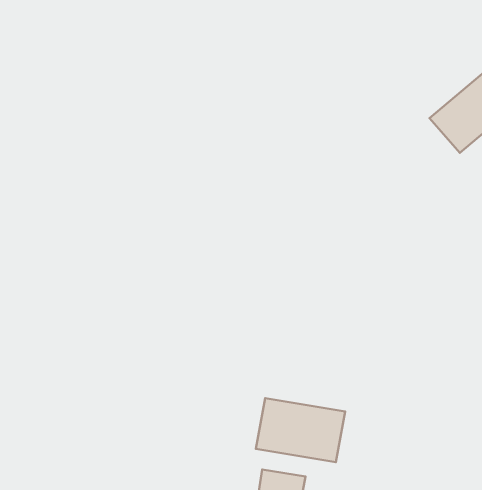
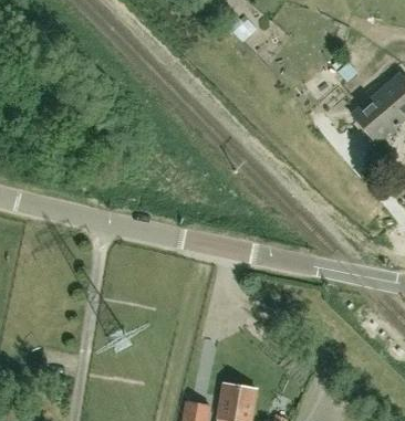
building: [256,398,345,462] -> none

